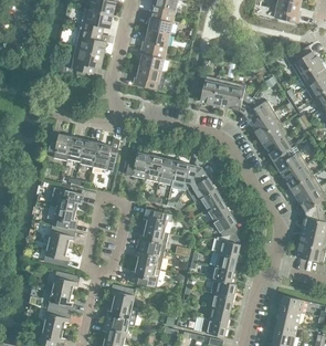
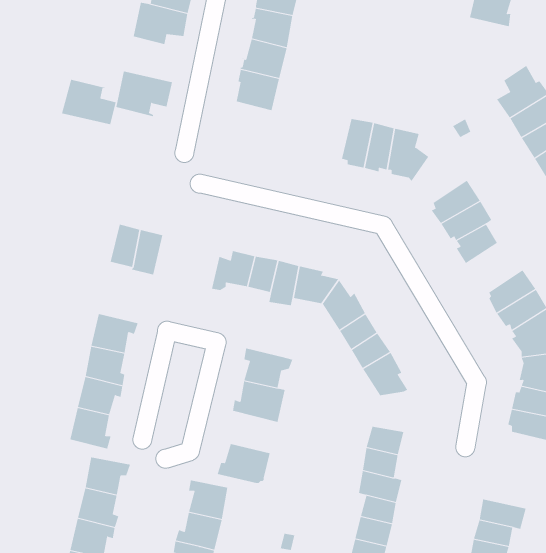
building: [74,28,106,54] -> [61,79,117,125]
building: [133,65,165,90] -> none
building: [241,97,273,124] -> none
building: [48,133,72,160] -> none
building: [92,143,116,170] -> none
building: [272,149,305,176] -> none
building: [212,233,240,256] -> none
building: [135,244,164,269] -> none

